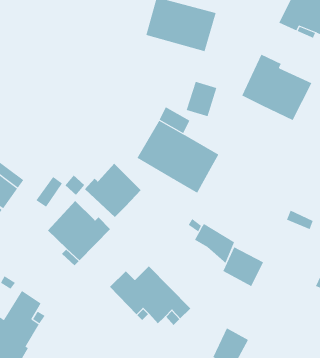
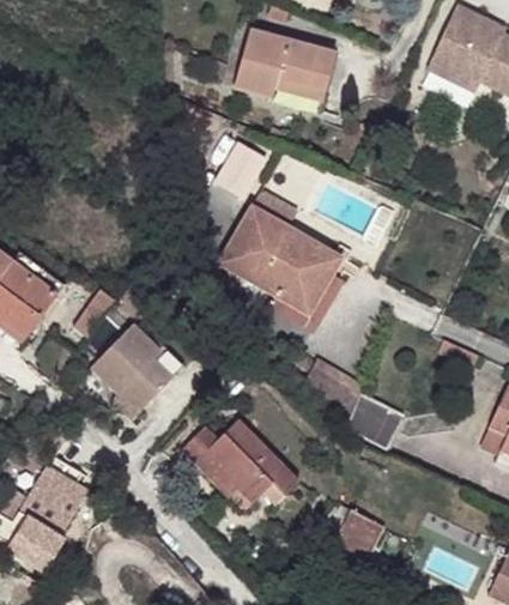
building: [241,54,312,121] -> none
building: [186,81,217,117] -> [218,143,263,194]
building: [84,163,142,218] -> none
building: none -> [269,273,341,329]

